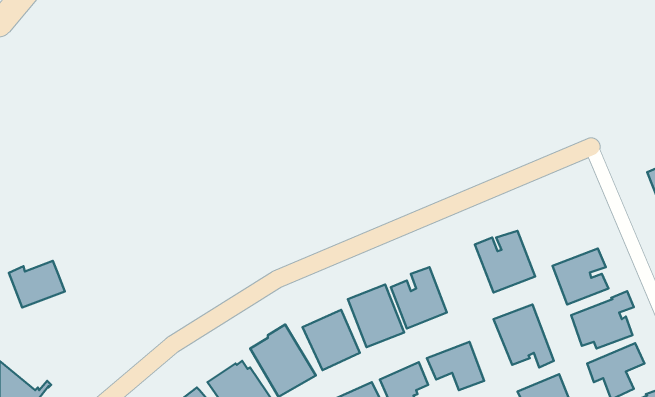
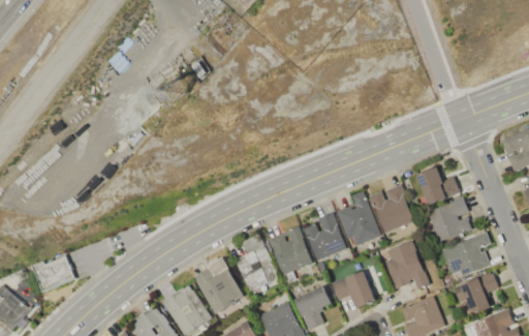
building: none -> [416,167,460,205]
building: none -> [336,191,380,245]
building: [9,261,65,308] -> [32,256,75,293]

